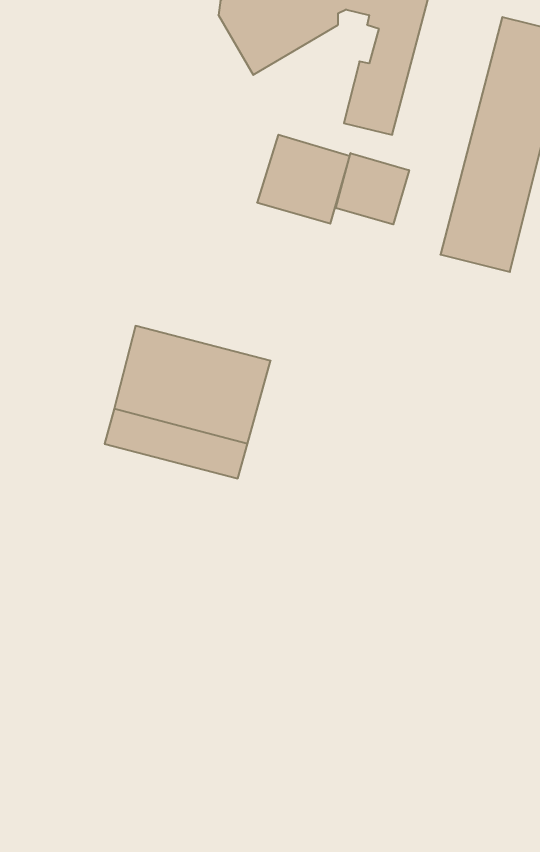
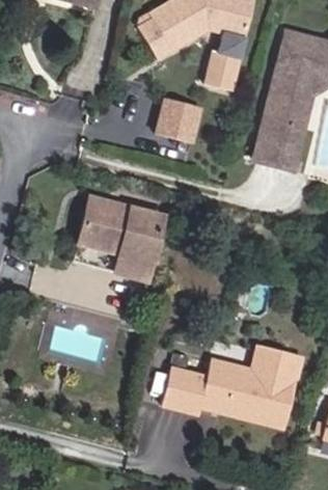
building: [336,153,409,224] -> none
building: none -> [161,344,302,427]

